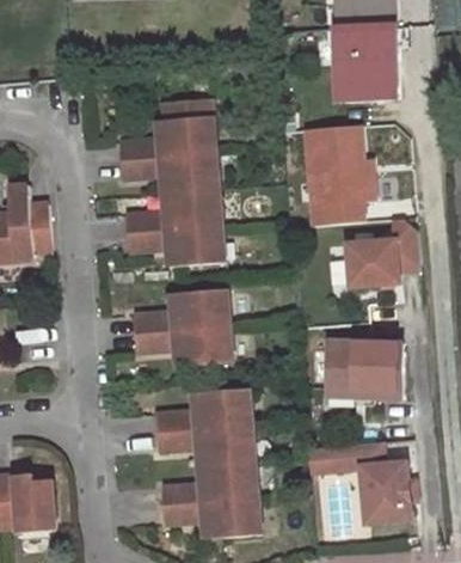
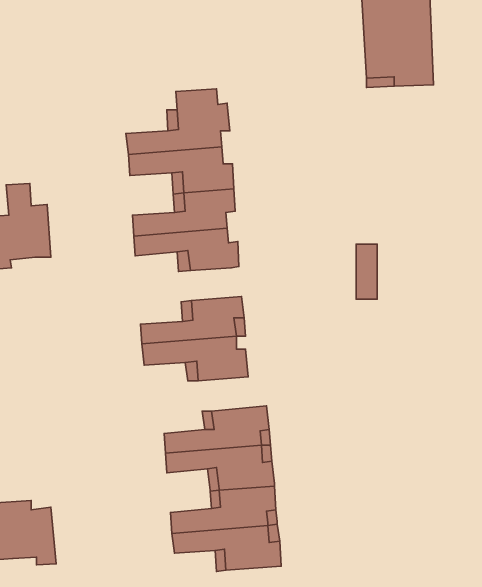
building: [305,122,376,222] -> none
building: [350,215,422,284] -> none
building: [328,339,401,394] -> none
building: [307,440,410,521] -> none

